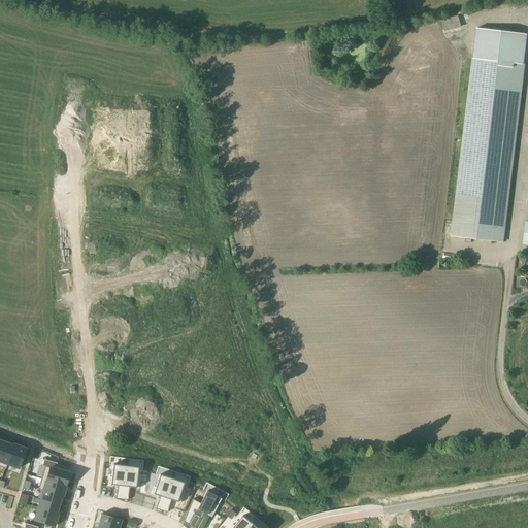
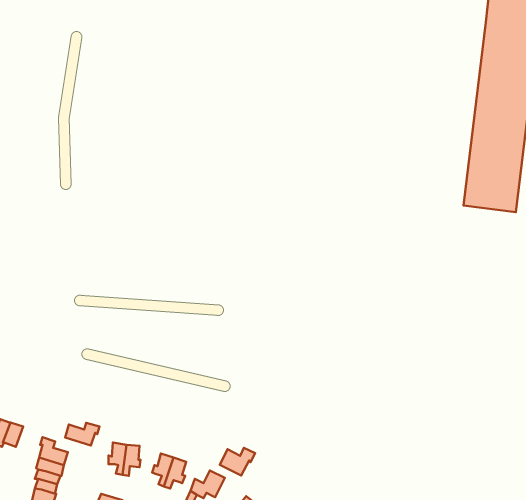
building: none -> [65,423,100,445]
building: none -> [220,448,255,476]

